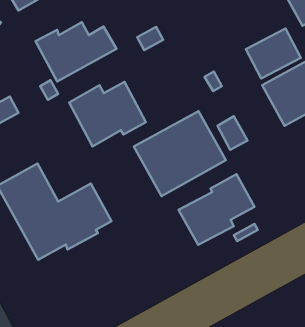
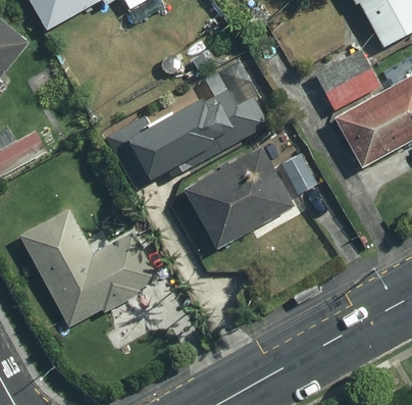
building: [35,22,116,81] -> [172,91,268,161]
building: [179,174,254,245] -> none

